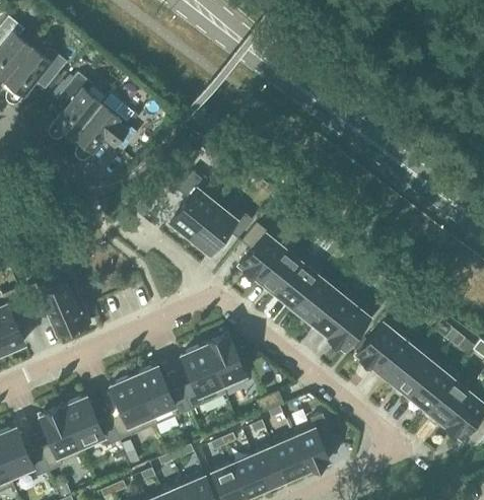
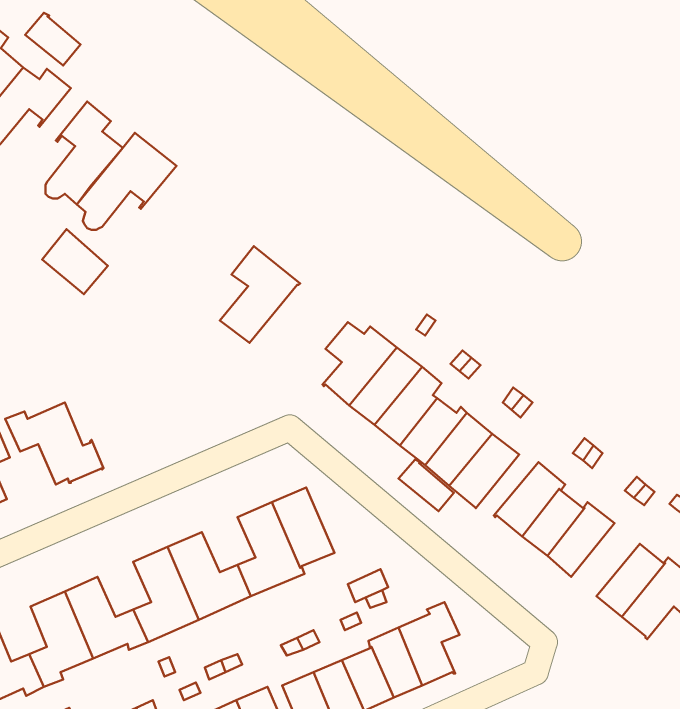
building: none -> [25,13,81,65]
building: none -> [42,229,108,294]
building: [188,199,254,255] -> none
building: none -> [399,459,454,511]
building: [407,361,454,411] -> none

